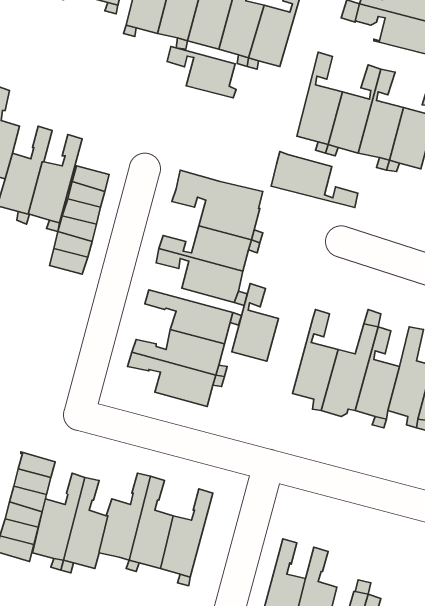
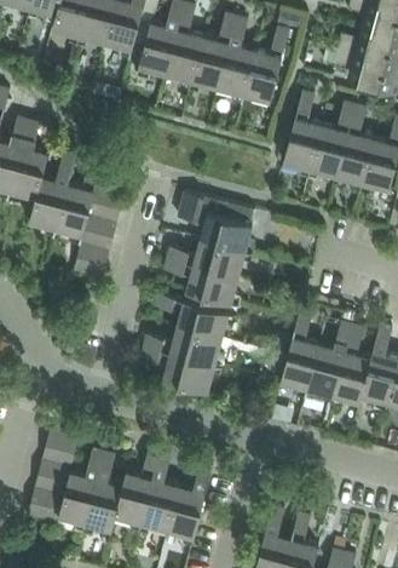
building: [167,47,236,98] -> none
building: [271,152,358,208] -> none
building: [232,283,278,361] -> none

